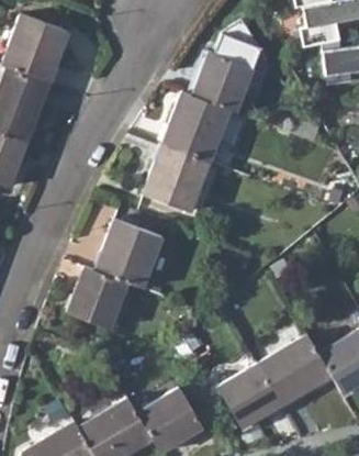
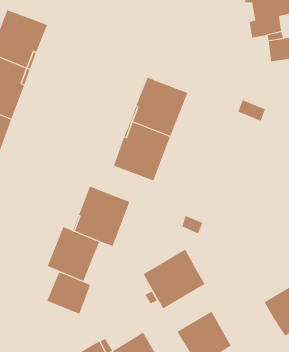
building: [193,21,269,113] -> none
building: none -> [46,272,91,315]
building: [258,334,330,404] -> [143,249,205,309]

